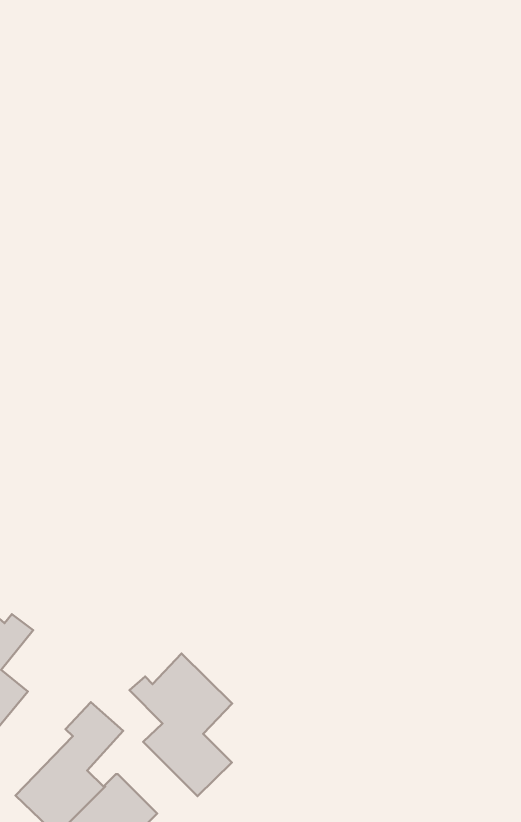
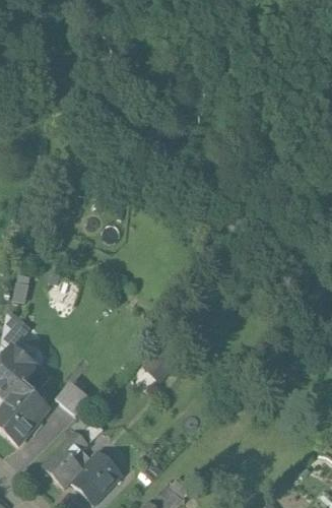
building: [130,654,232,796] -> none

